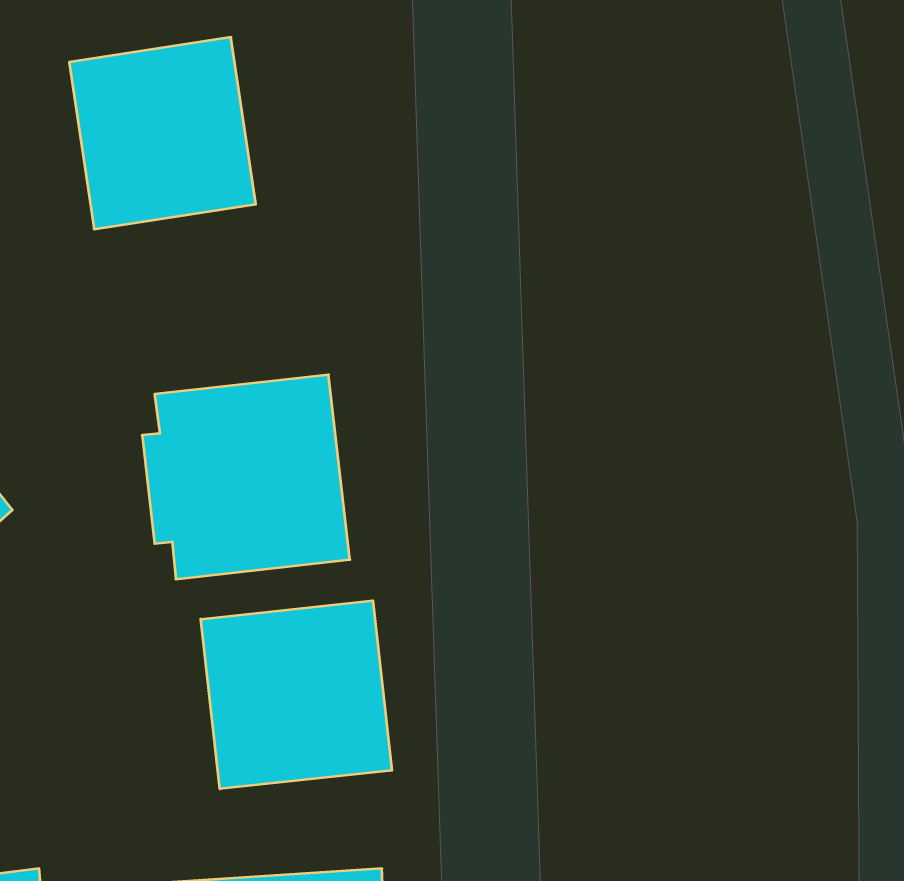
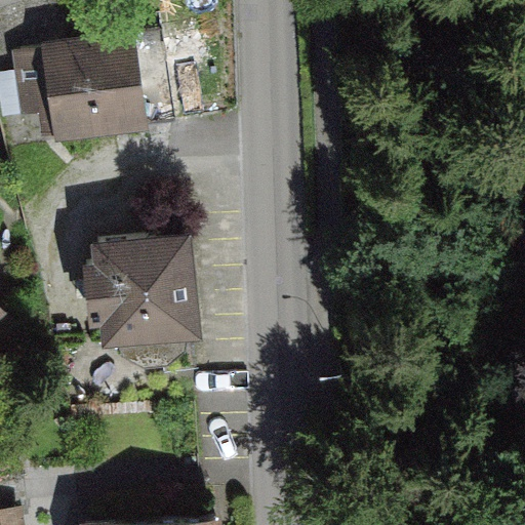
building: [201,601,392,789] -> none

